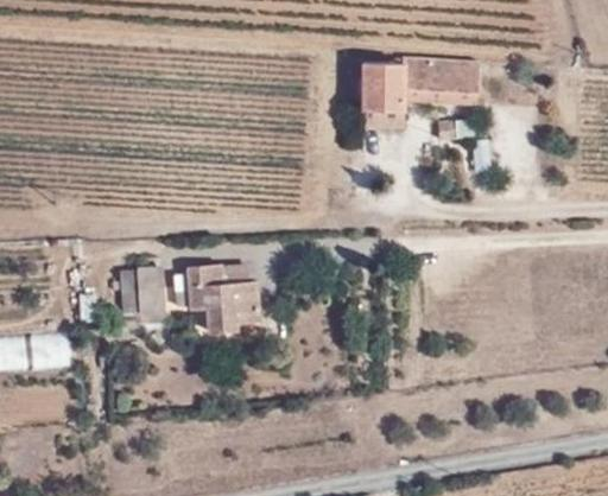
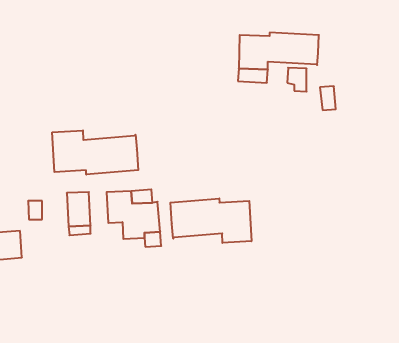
building: none -> [52,130,138,175]
building: none -> [170,198,251,243]

